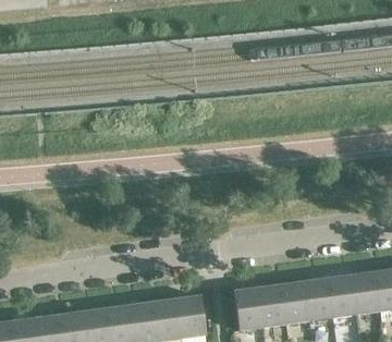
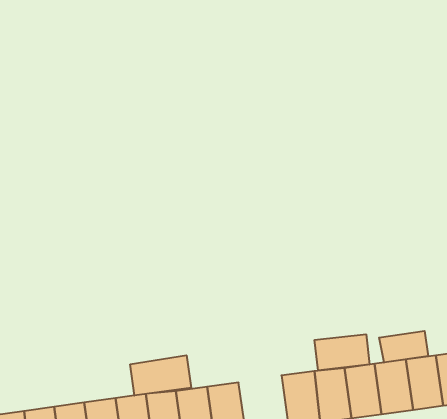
building: none -> [379,331,428,363]
building: none -> [315,334,369,370]
building: none -> [130,355,191,396]

